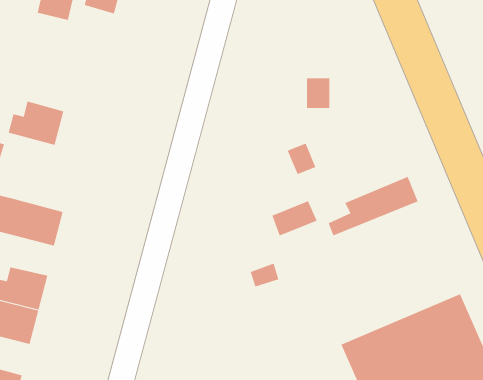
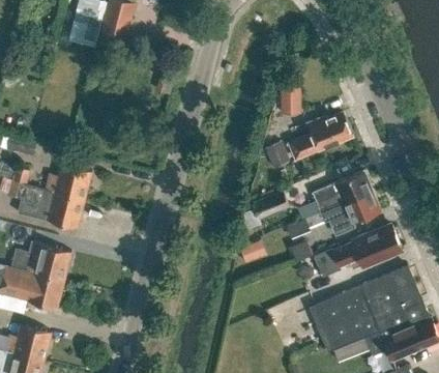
building: [8,101,64,146] -> [46,164,91,200]
building: none -> [289,113,352,160]
building: none -> [302,192,381,235]
building: none -> [314,226,402,277]

